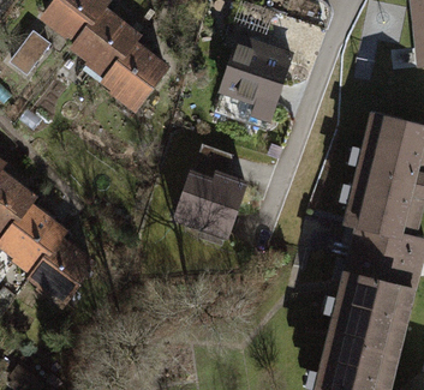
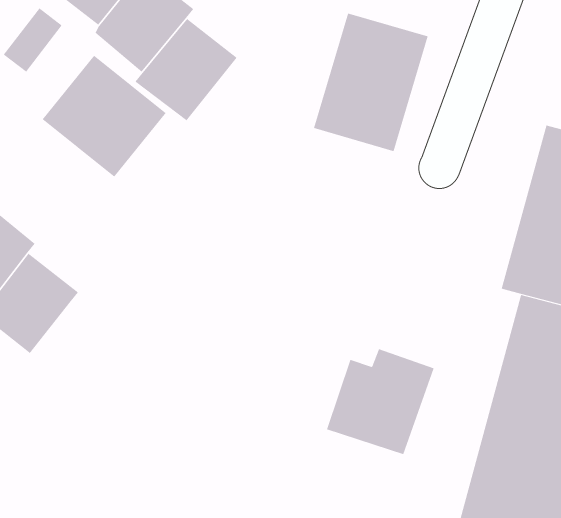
building: none -> [42,55,166,177]
building: [175,168,247,239] -> [326,348,434,455]
building: [20,229,92,302] -> none

